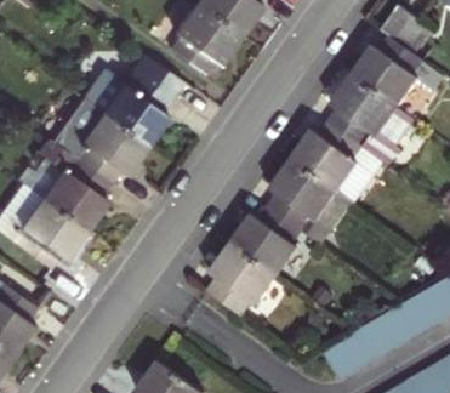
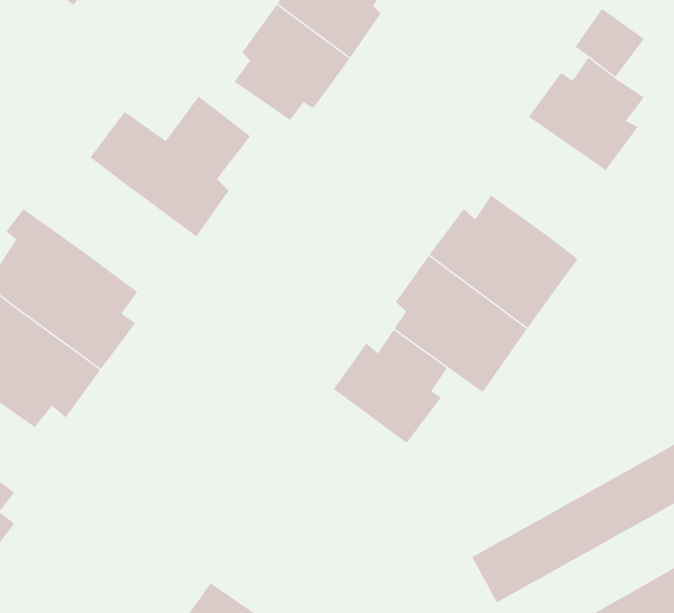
building: [329,74,415,167] -> none
building: [75,114,146,183] -> none
building: [206,244,277,317] -> none

